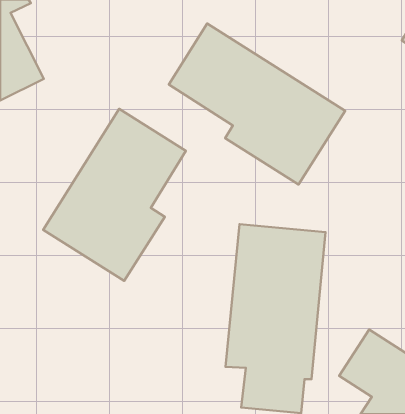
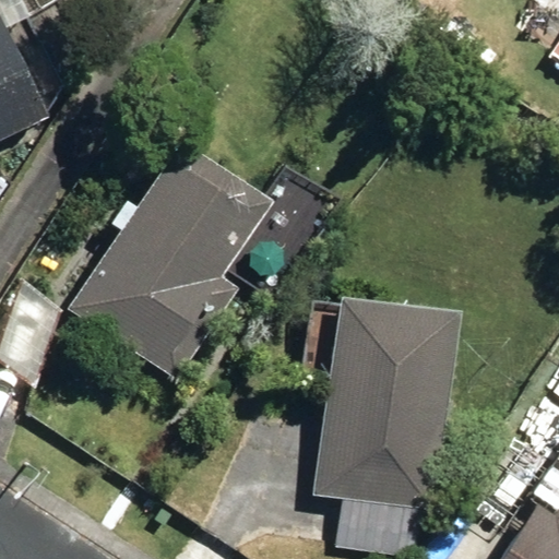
building: [169,24,345,184] -> none

